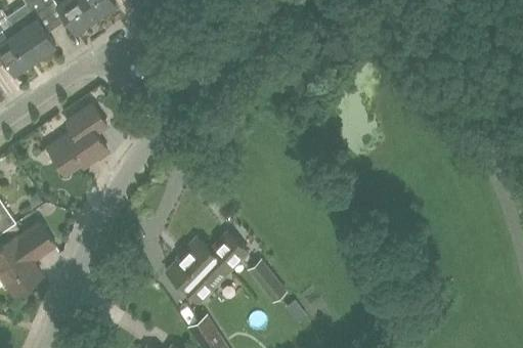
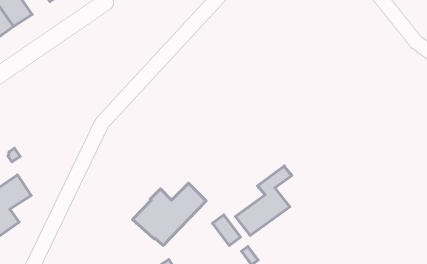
building: [47,104,106,174] -> none
building: none -> [235,166,292,235]

